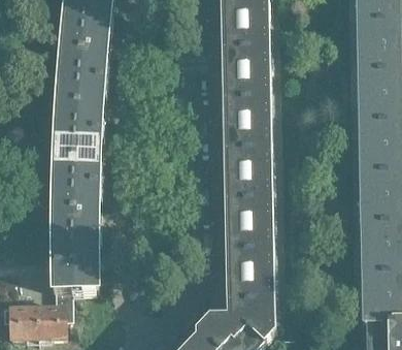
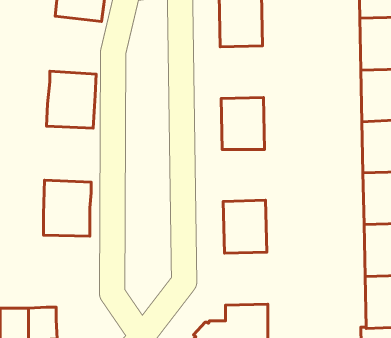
building: [58,19,108,75] -> none
building: [224,47,266,99] -> none
building: [53,126,100,181] -> none
building: [226,149,268,199] -> none
building: [52,232,97,287] -> none
building: [228,249,270,300] -> none

